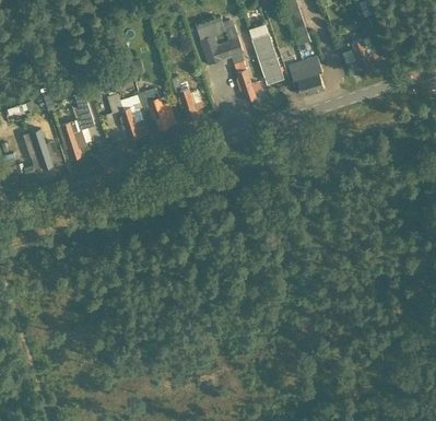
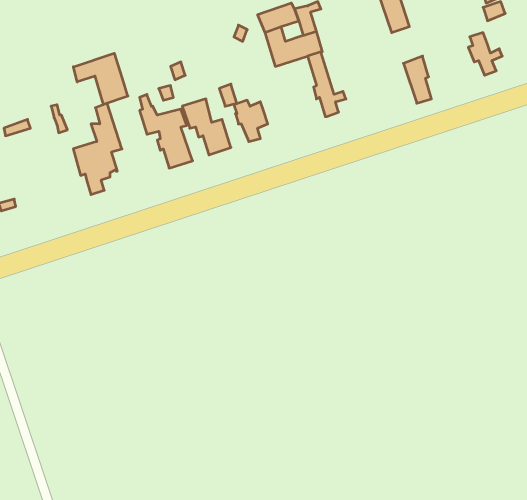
building: [251,34,283,85] -> none
building: none -> [73,53,128,105]
building: [287,62,313,96] -> none
building: [23,129,60,168] -> none

